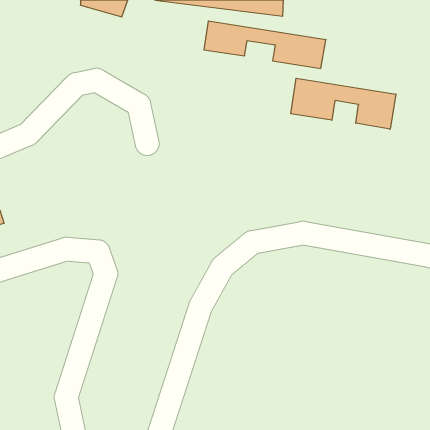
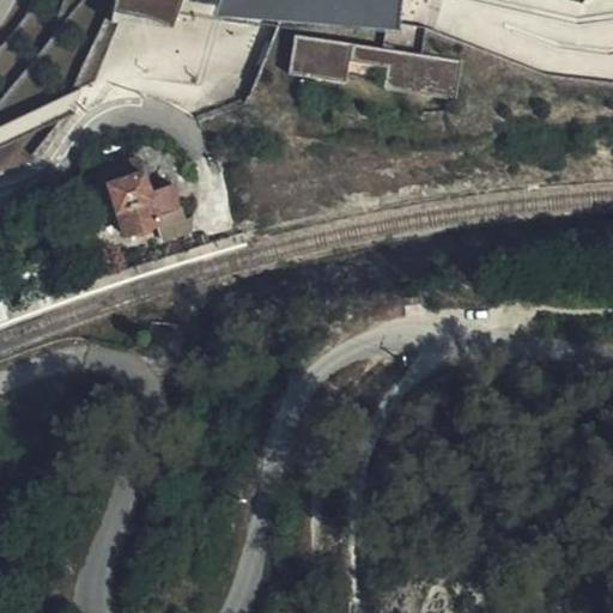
building: [291,78,396,129] -> none
building: none -> [99,157,178,243]

